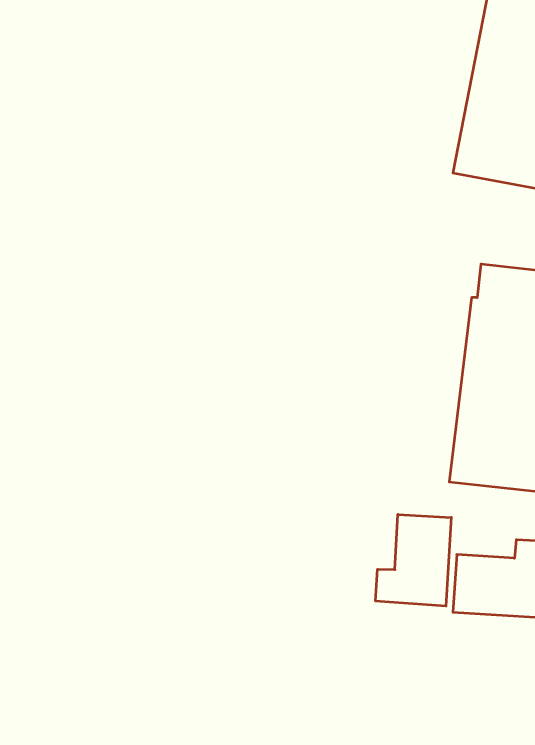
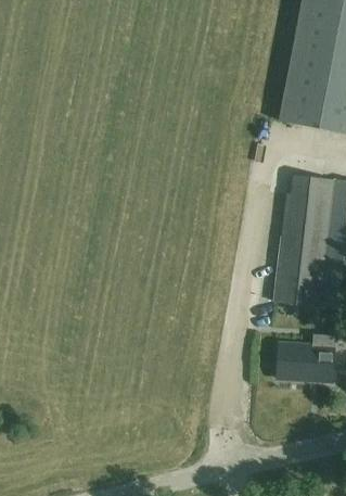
building: [376,514,451,606] -> none

